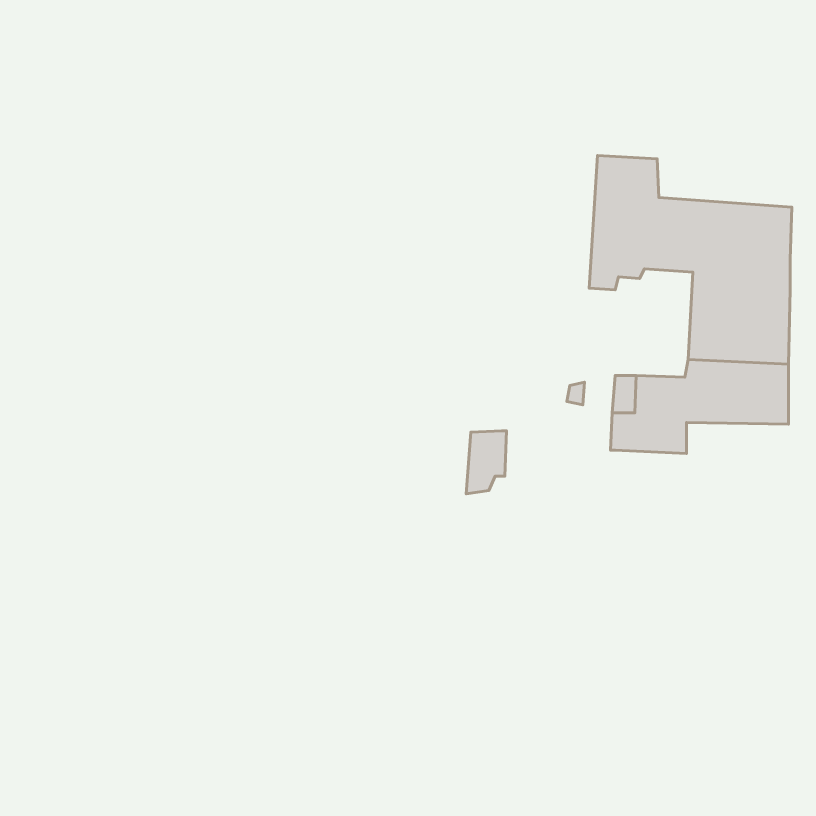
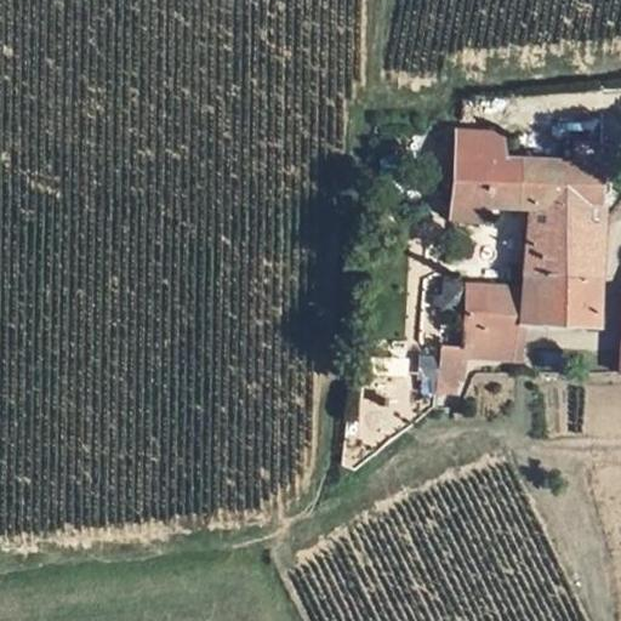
building: [466,431,507,494] -> [439,346,469,393]

